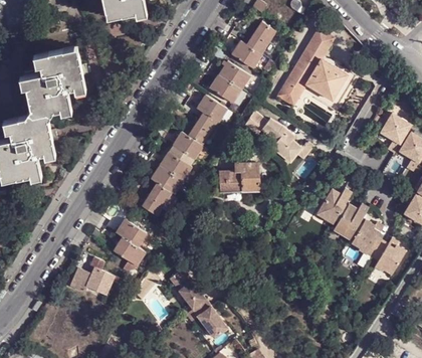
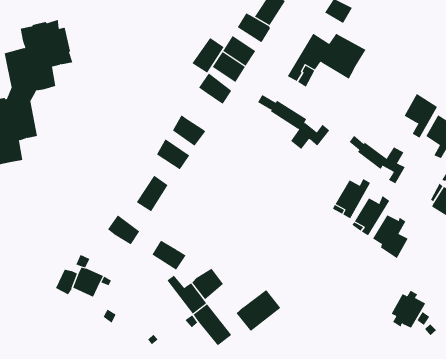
building: [298,41,326,68] -> none
building: [188,113,217,145] -> [191,37,224,73]
building: none -> [349,135,405,184]
building: [217,165,255,193] -> none
building: [152,167,181,195] -> none
building: [115,238,146,265] -> [151,240,187,270]
building: [373,238,404,273] -> [391,290,426,329]
building: none -> [191,268,224,300]
building: none -> [236,289,281,332]

